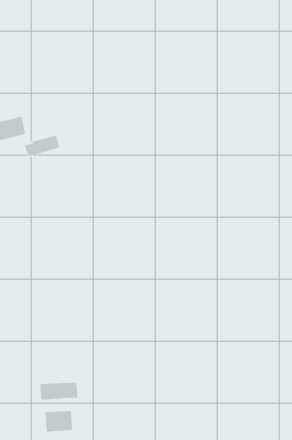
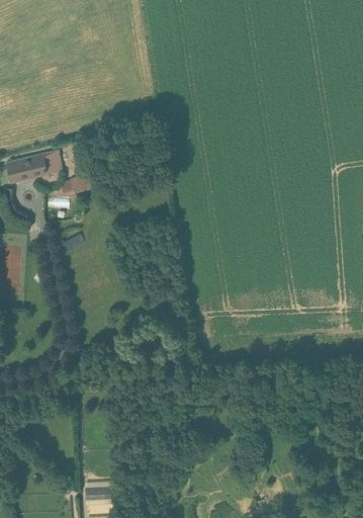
building: [40,382,78,401] -> none

